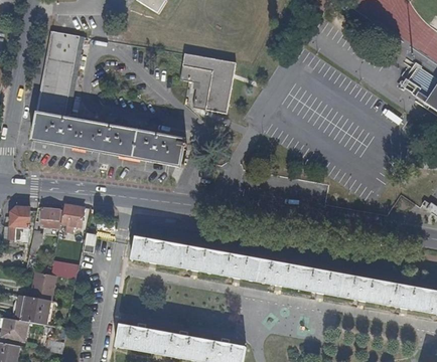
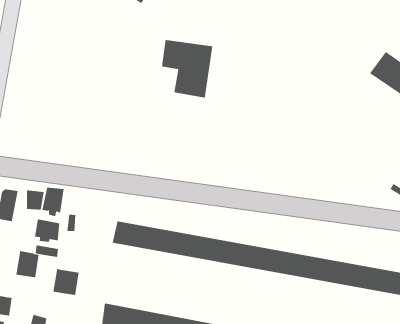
building: [32,23,186,158] -> none
building: none -> [35,219,60,242]
building: [19,292,47,320] -> [53,269,80,296]

